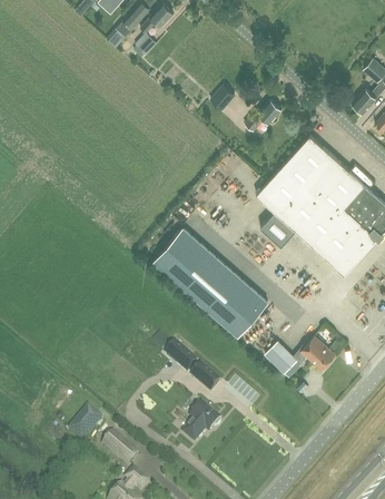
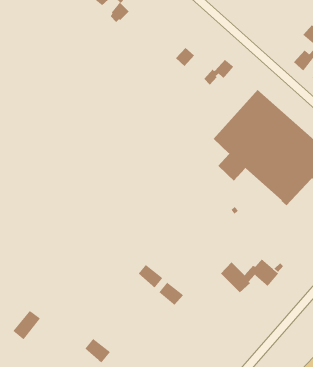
building: [154,229,268,337] -> none
building: [182,403,221,443] -> none
building: [68,405,101,441] -> [13,310,41,340]

